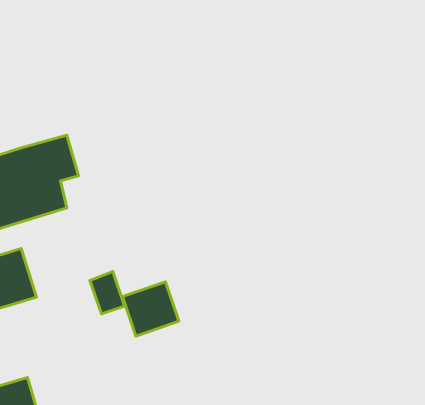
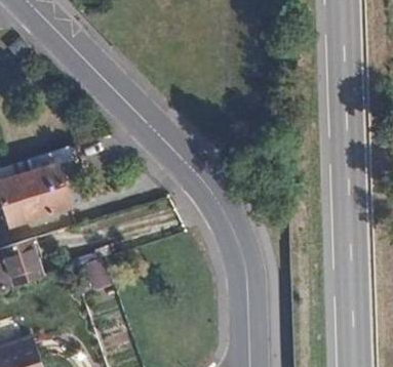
building: [123,282,179,336] -> none

